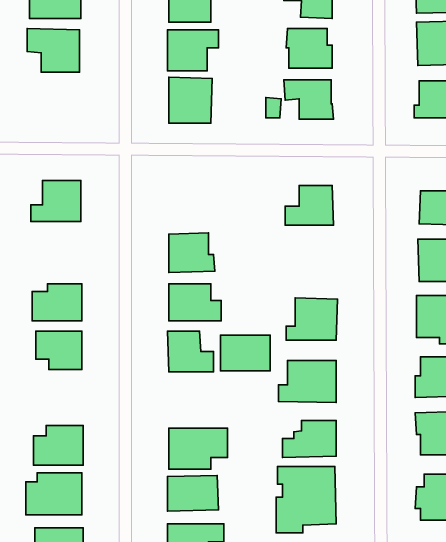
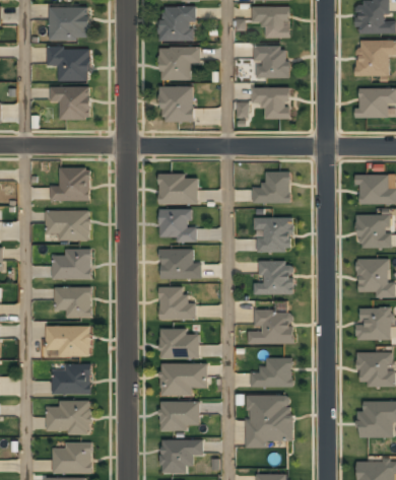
building: none -> [50,87,89,120]
building: none -> [158,175,198,204]
building: none -> [45,211,89,238]
building: none -> [253,217,292,251]
building: [220,335,270,371] -> [159,331,199,359]
building: none -> [46,326,89,355]

